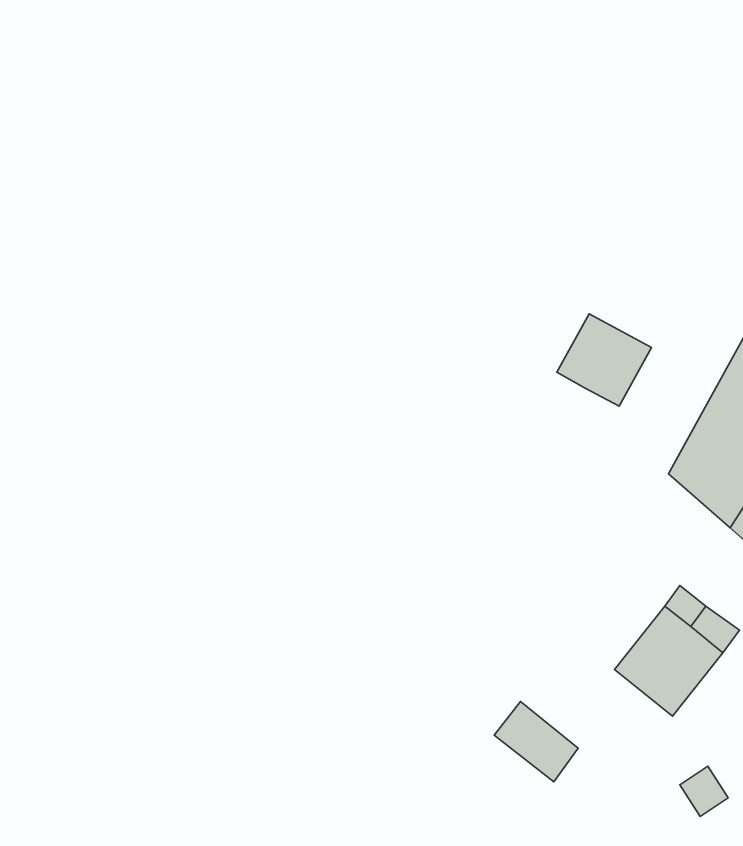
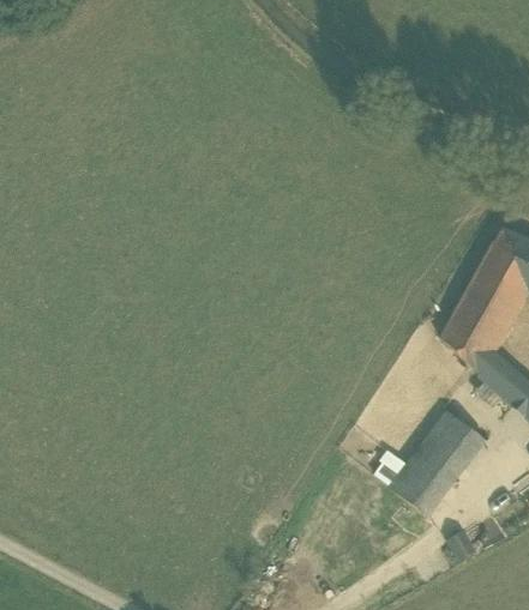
building: [557,314,651,406] -> none
building: [494,702,578,782] -> [389,465,443,517]

